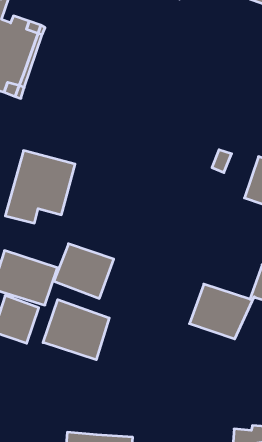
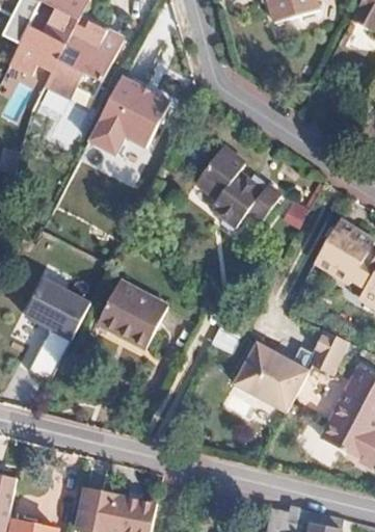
building: none -> [187,145,271,223]
building: [5,151,75,223] -> [90,78,176,160]
building: [43,300,109,360] -> none

